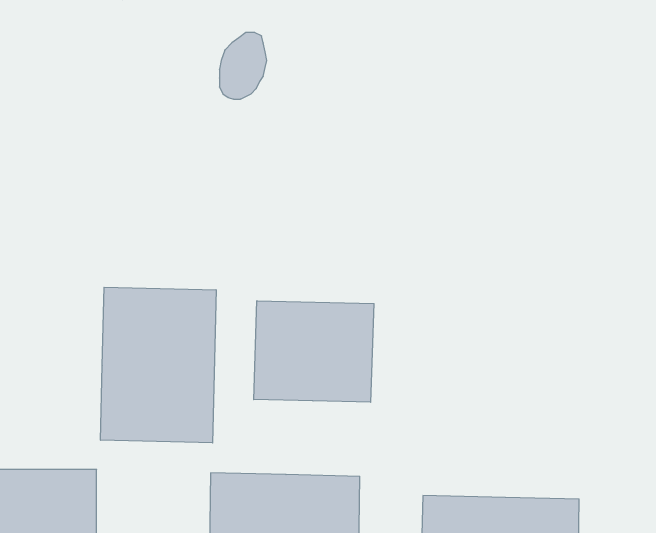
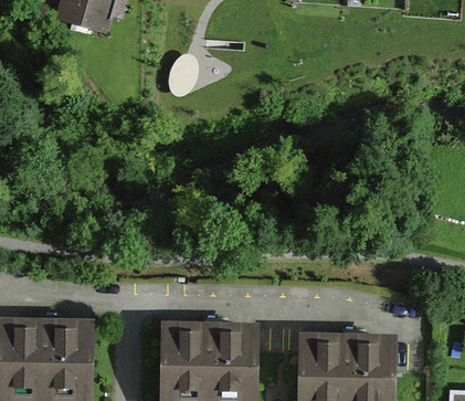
building: [101,287,216,443] -> none
building: [254,301,374,402] -> none

